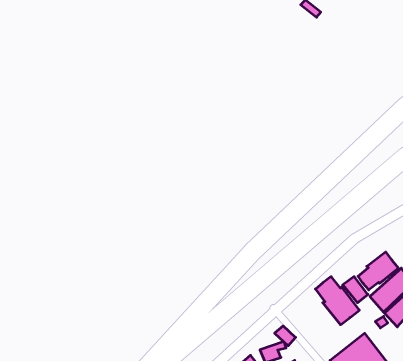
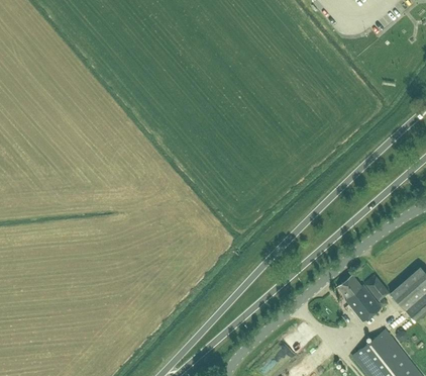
building: [358,252,398,290] -> none

